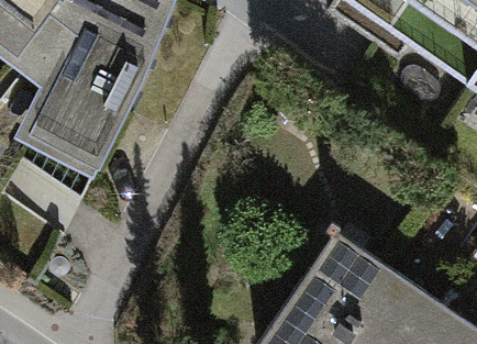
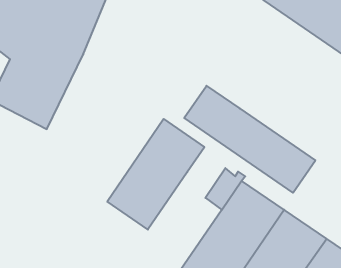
building: none -> [184,86,315,193]
building: none -> [107,119,204,230]

